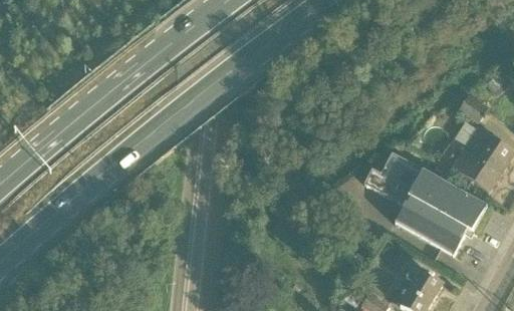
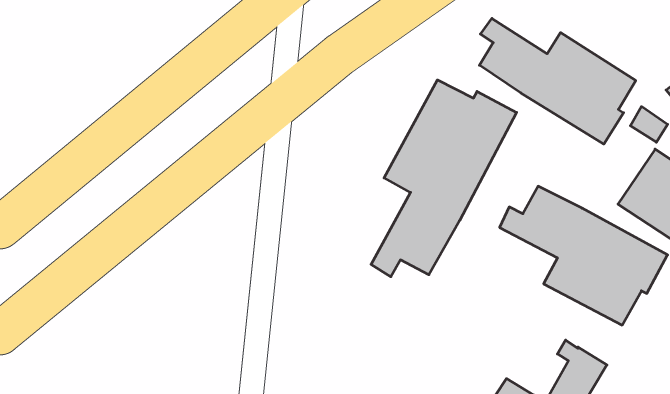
building: none -> [479,18,636,144]
building: none -> [371,80,517,277]

